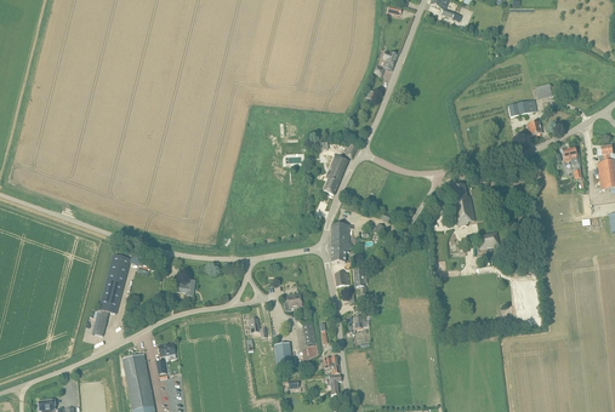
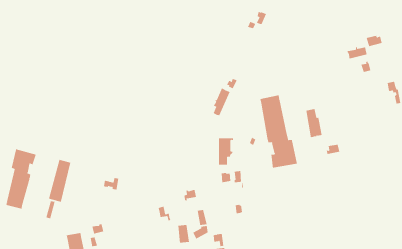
building: none -> [260,94,297,168]
building: none -> [6,148,37,209]

